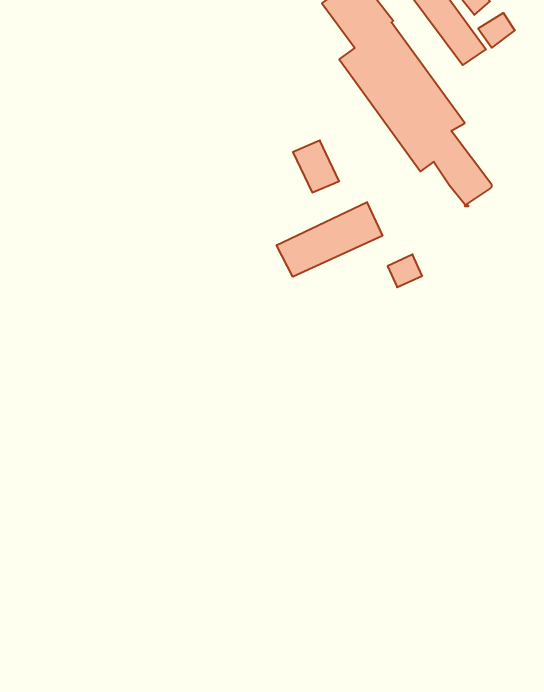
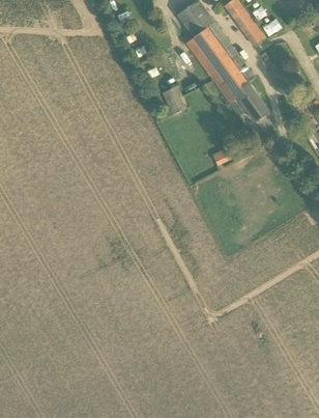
building: [277,202,382,277] -> none

